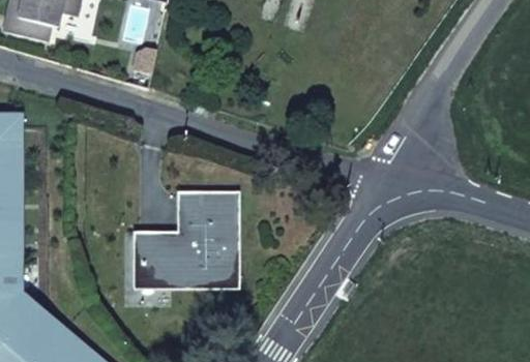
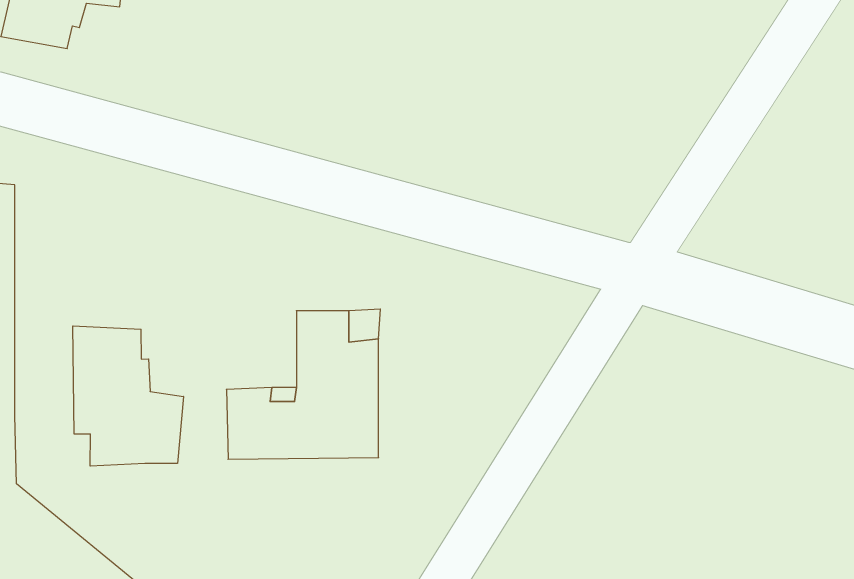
building: none -> [73,326,183,466]

